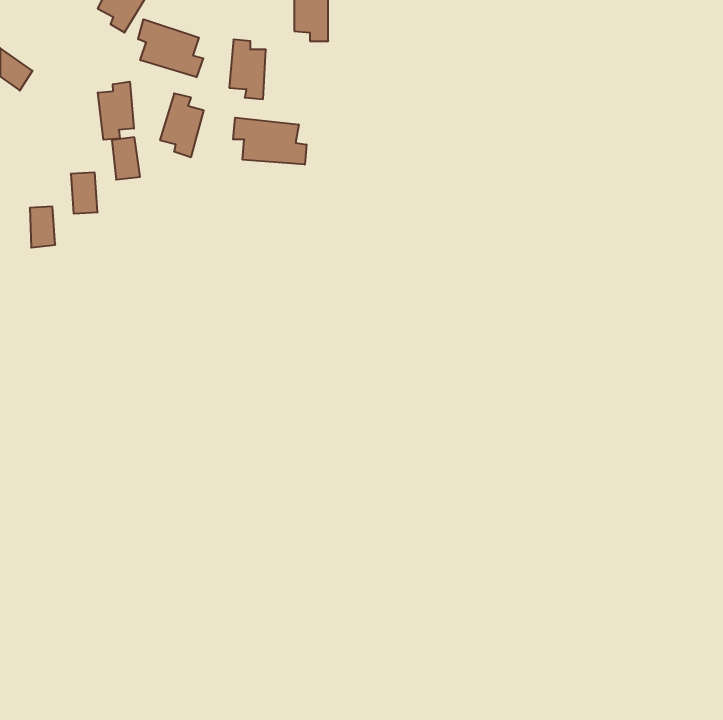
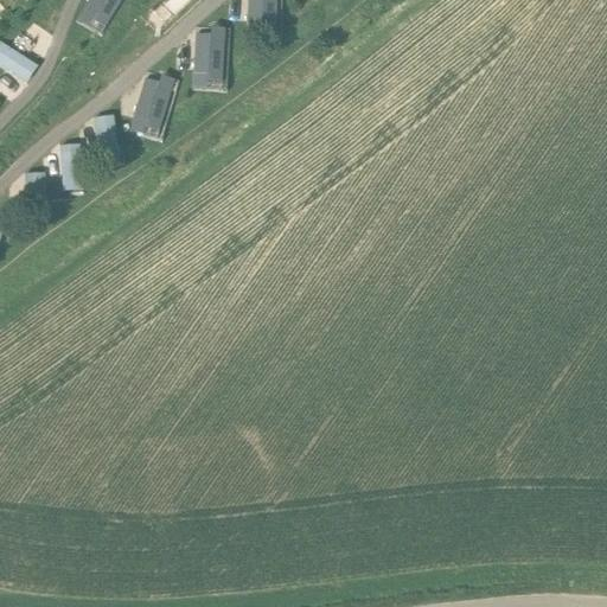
building: [138,19,203,77] -> none
building: [98,82,134,140] -> none
building: [233,118,306,165] -> none

